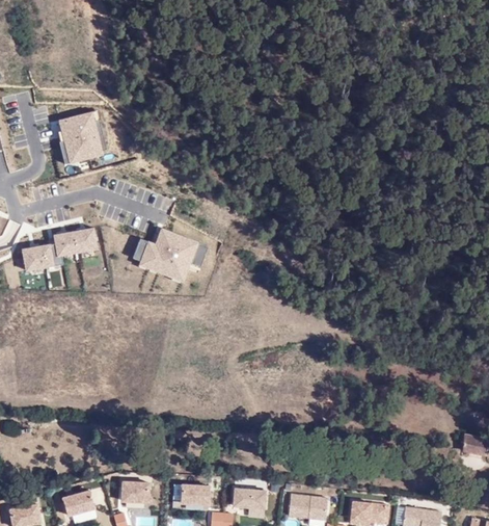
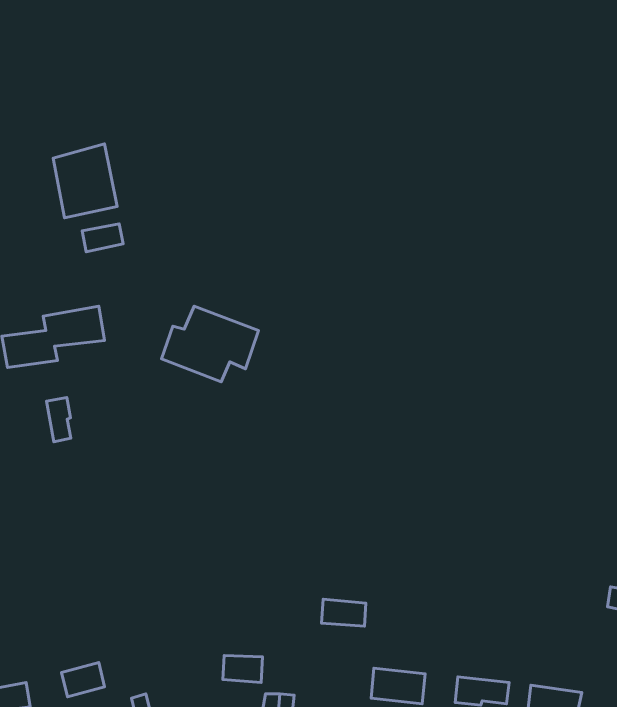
building: none -> [82,224,123,252]
building: none -> [46,397,71,442]
building: [120,481,148,502] -> none
building: [233,488,265,507] -> [322,599,366,626]

